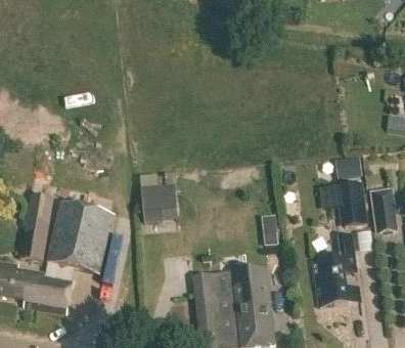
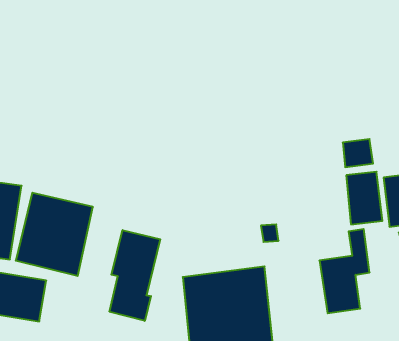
building: [142,187,164,221] -> none
building: none -> [110,230,160,321]

